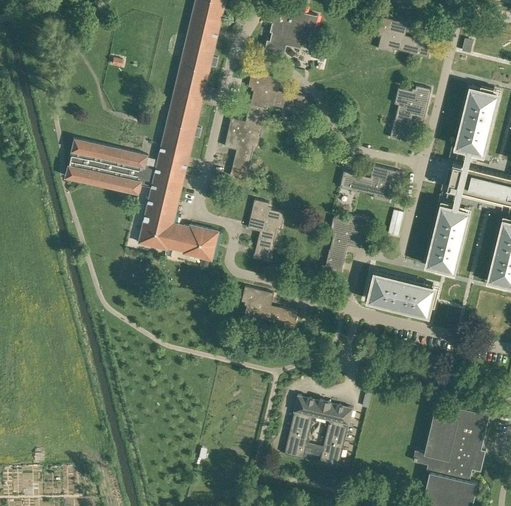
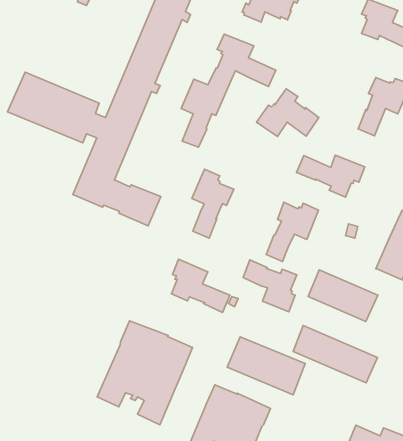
building: none -> [256,89,319,136]
building: none -> [243,260,297,312]
building: none -> [293,326,377,383]
building: none -> [227,337,305,395]
building: none -> [97,321,193,425]

